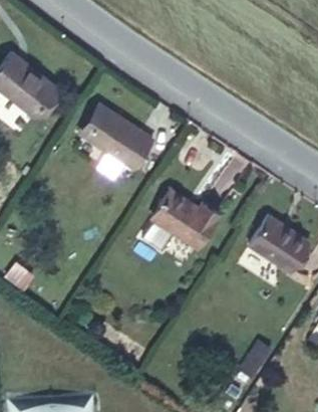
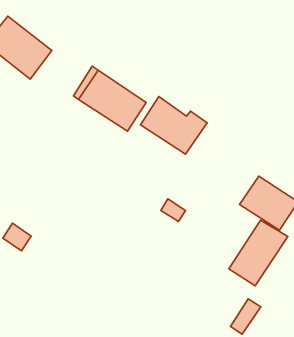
building: [152,190,221,249] -> [140,96,207,154]
building: none -> [229,220,288,286]

